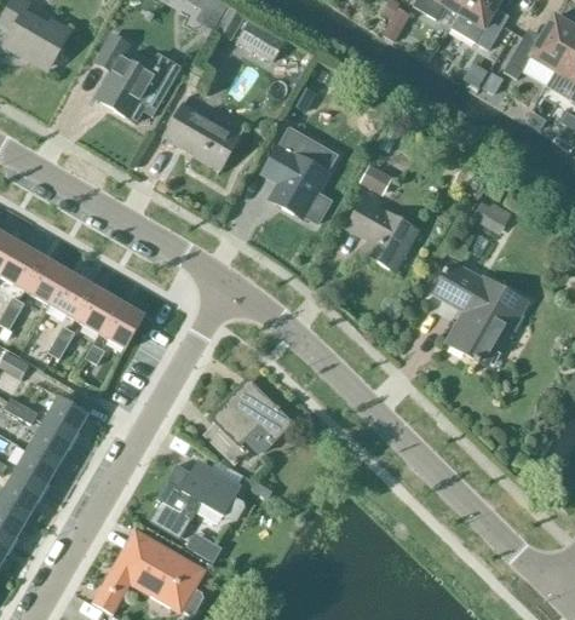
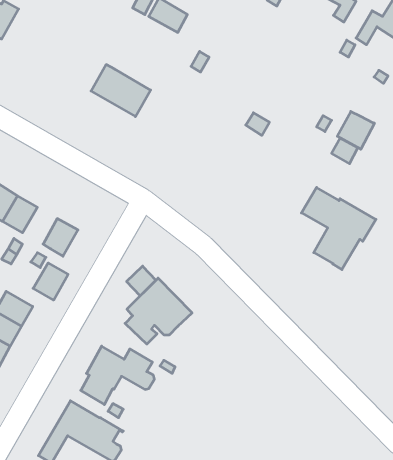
building: [96,34,178,116] -> none
building: [263,127,335,224] -> none
building: none -> [337,111,374,149]
building: [346,193,418,269] -> none
building: [74,285,119,332] -> [33,263,68,300]
building: none -> [127,266,156,296]

